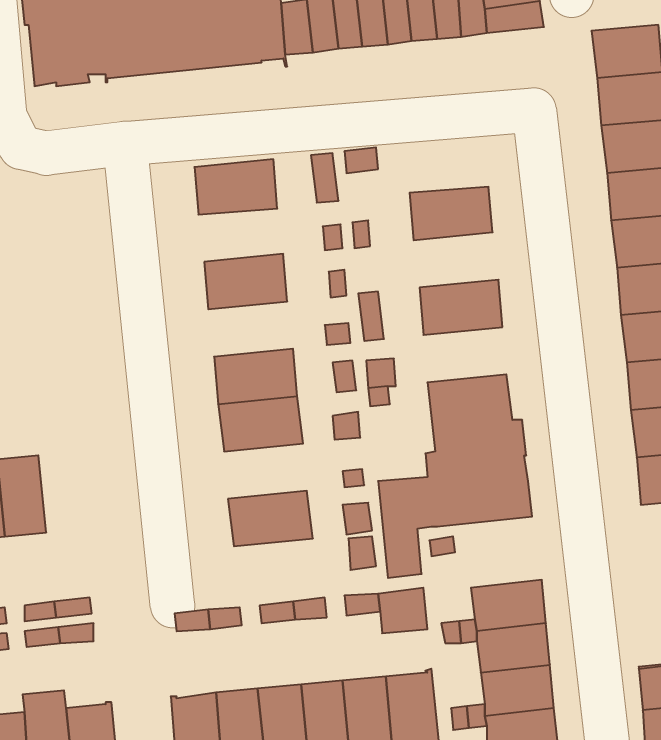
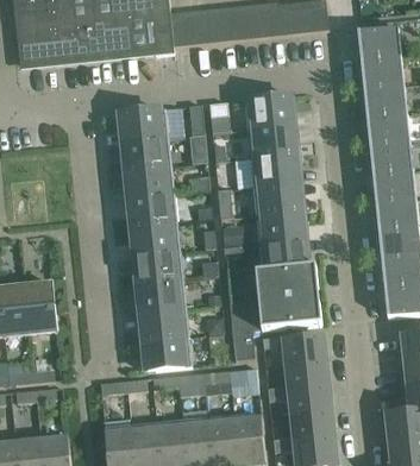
building: none -> [245,95,295,128]
building: none -> [120,138,171,170]
building: none -> [250,152,301,185]
building: none -> [126,194,177,227]
building: none -> [256,209,306,243]
building: none -> [136,279,186,313]
building: none -> [24,282,57,333]
building: none -> [282,335,327,366]
building: none -> [142,336,192,370]

